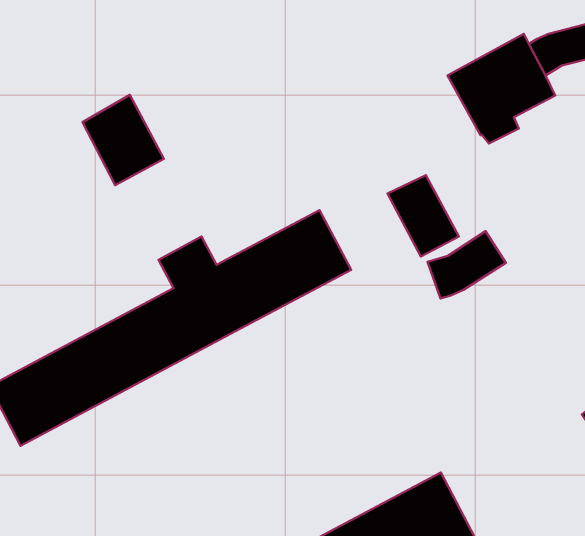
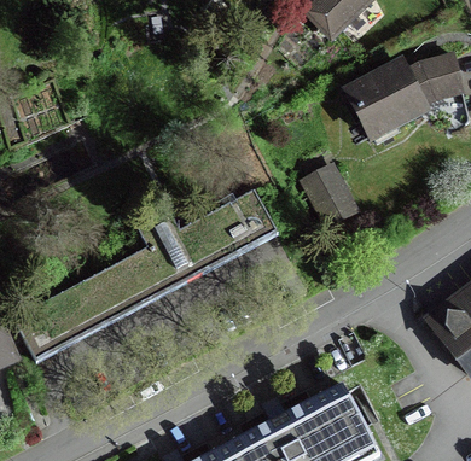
building: [83,95,164,185] -> none
building: [428,231,506,299] -> none

